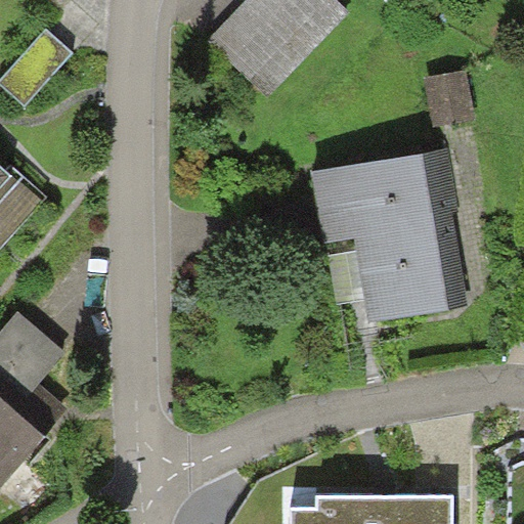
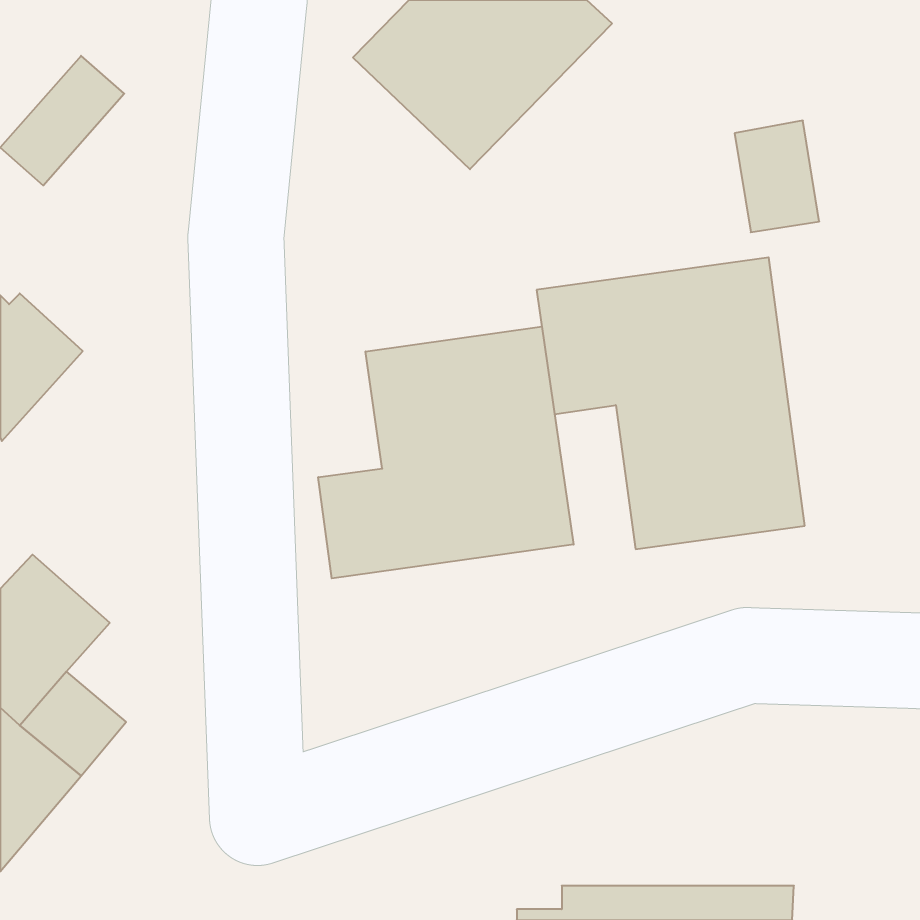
building: none -> [318,327,574,578]

